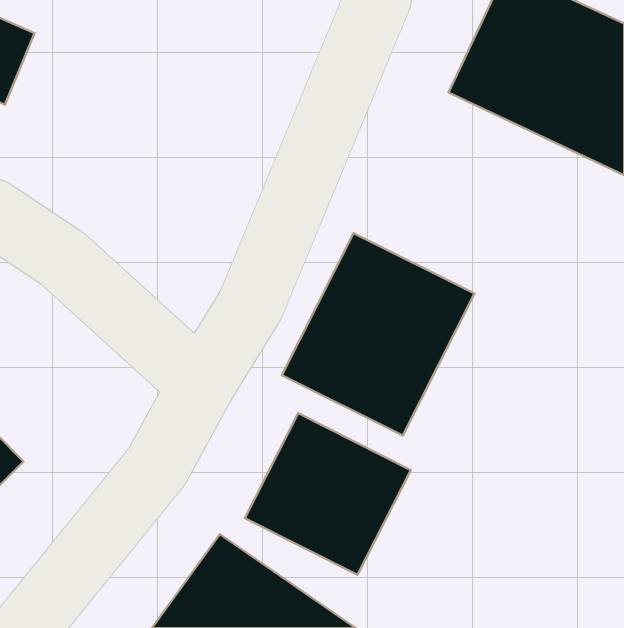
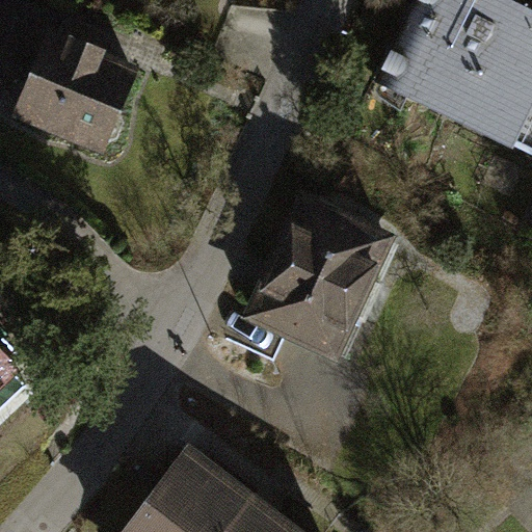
building: none -> [16,36,135,154]
building: [245,413,411,575] -> none

